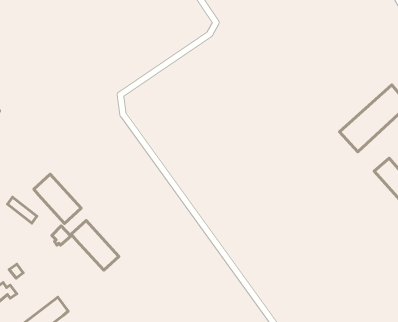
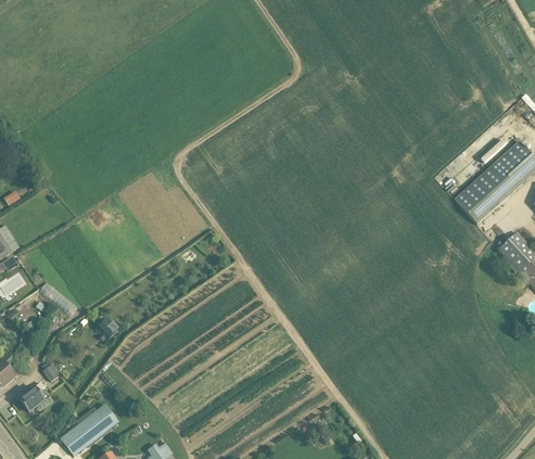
building: [34,174,81,223] -> none
building: [71,220,119,270] -> none

